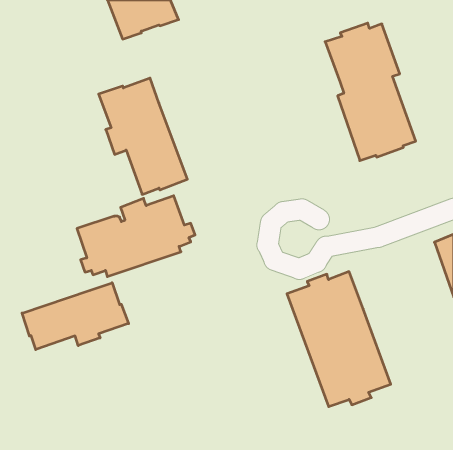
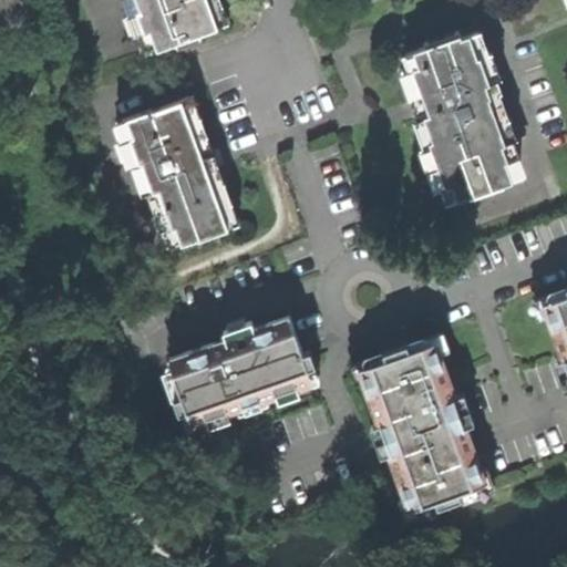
building: [77,196,195,277] -> [169,319,317,420]
building: [22,283,129,350] -> none

